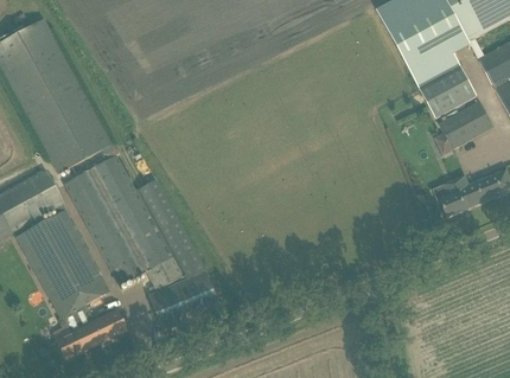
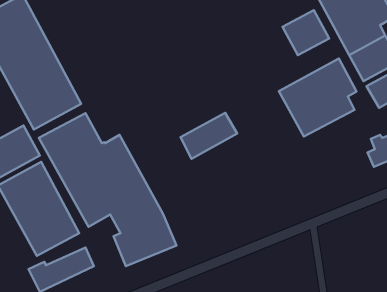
building: none -> [282,10,329,55]
building: none -> [279,58,356,137]
building: none -> [180,113,237,159]

